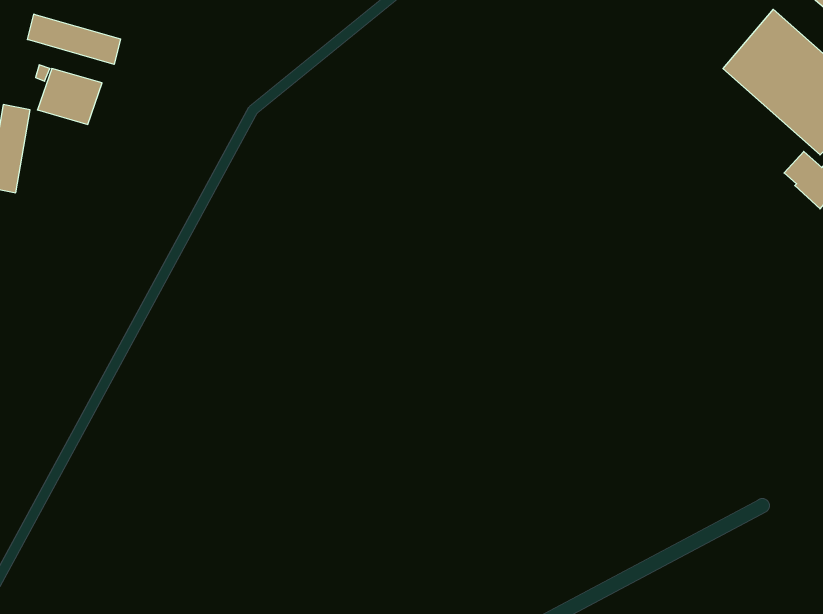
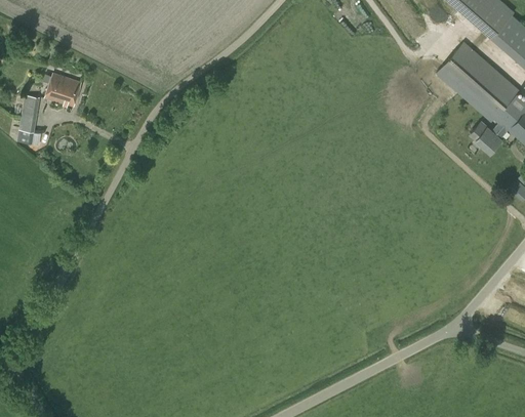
building: [27,14,121,64] -> none

